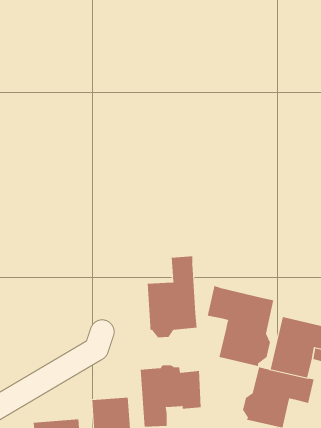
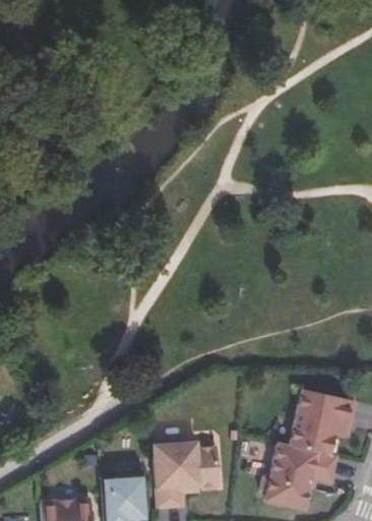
building: [147,256,197,338] -> none
building: [207,285,274,367] -> none

